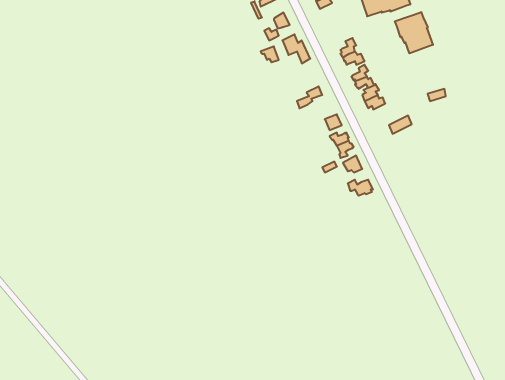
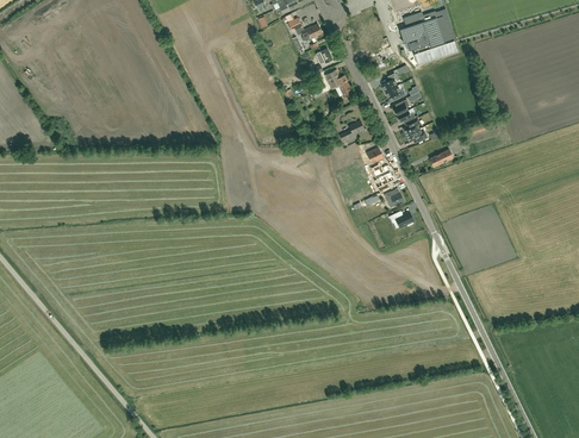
building: [395,12,433,53] -> none

